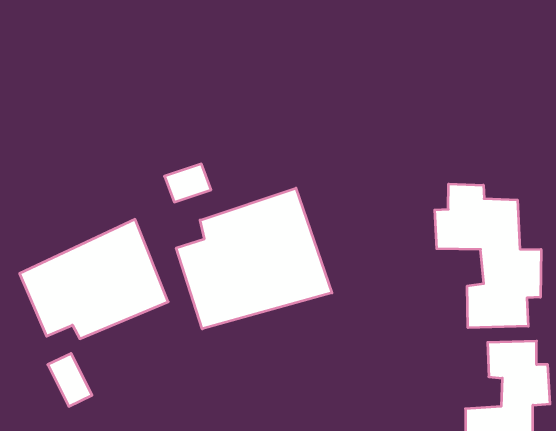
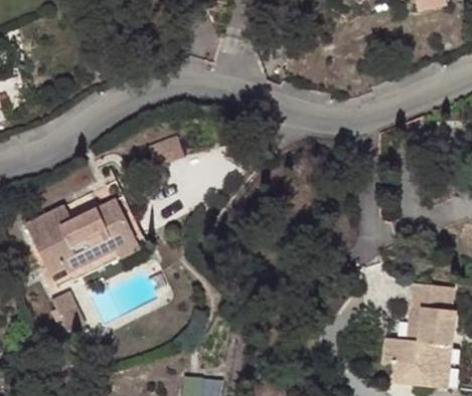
building: [435,184,541,328] -> none
building: [176,188,332,329] -> none

